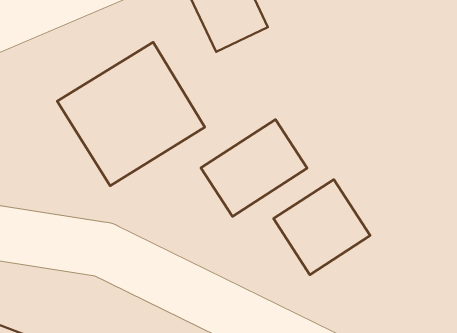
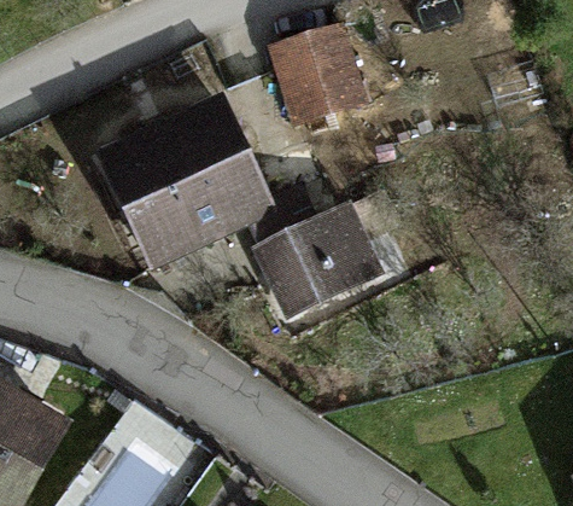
building: [273,179,370,275] -> none

